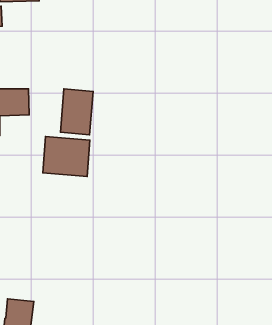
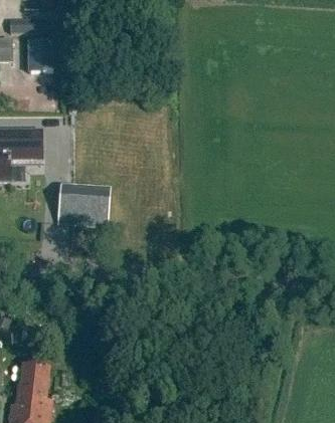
building: none -> [29,40,56,71]
building: [60,89,93,135] -> none

